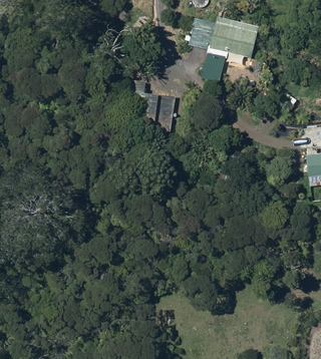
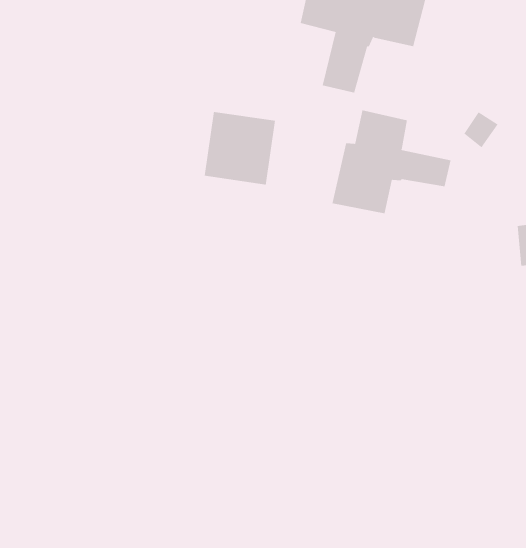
building: none -> [332,109,451,214]

